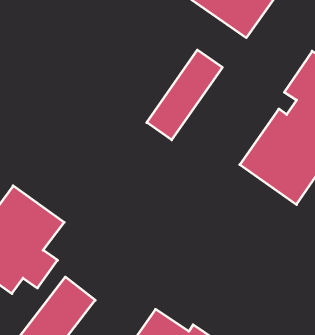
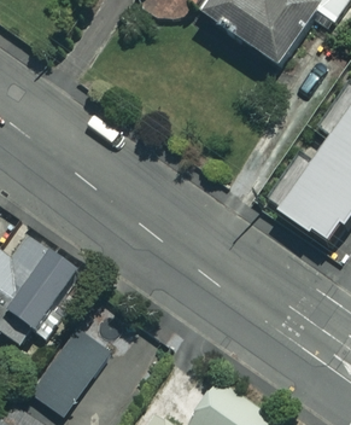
building: [147,50,222,140] -> none

